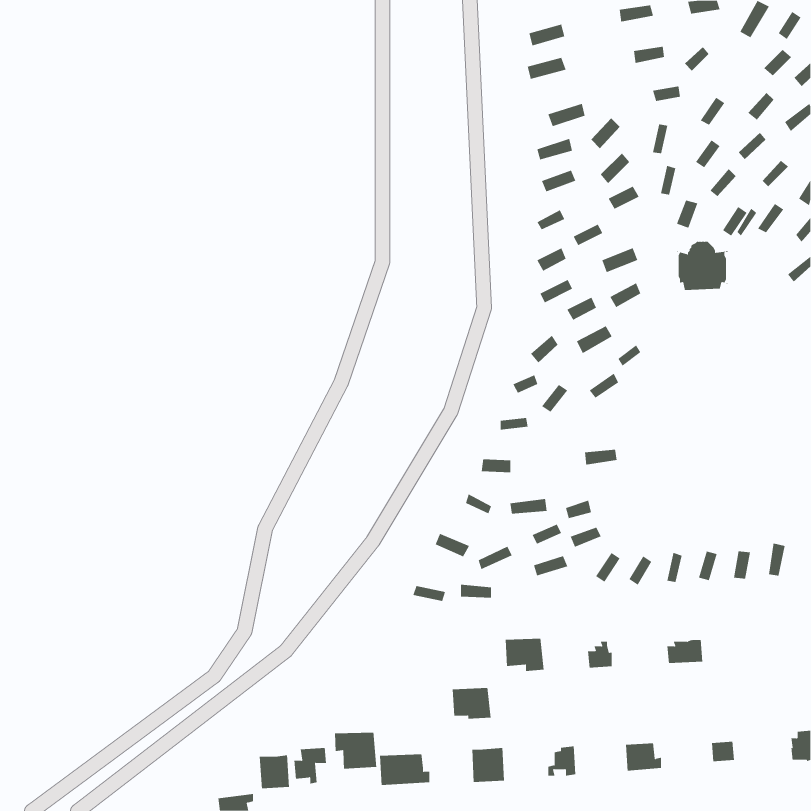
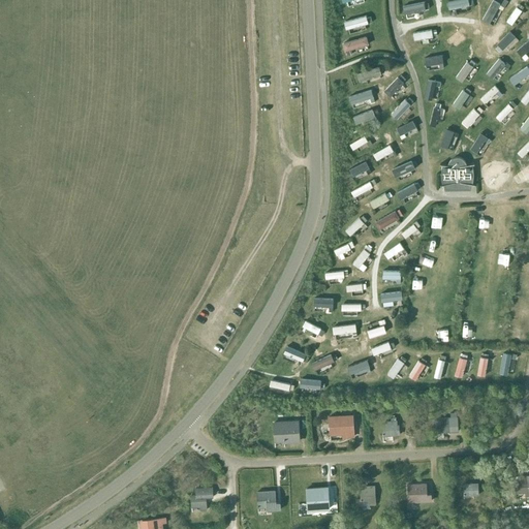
building: [452,688,491,719] -> [274,422,300,442]
building: [334,732,377,770] -> none
building: [259,755,289,789] -> none

